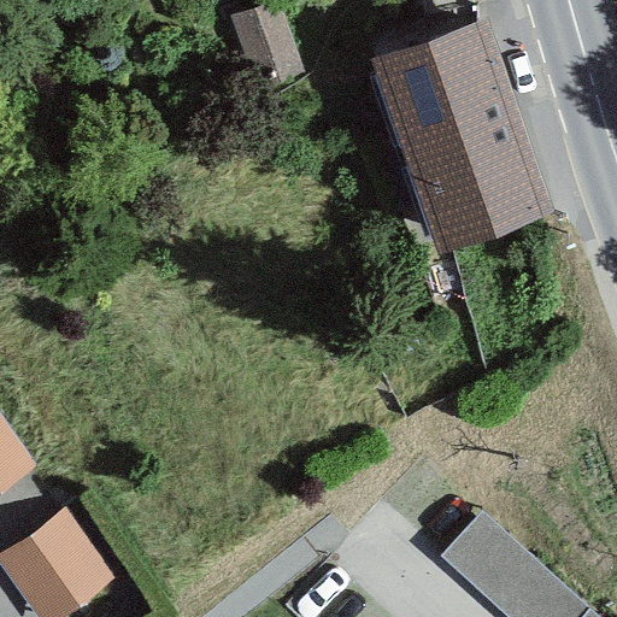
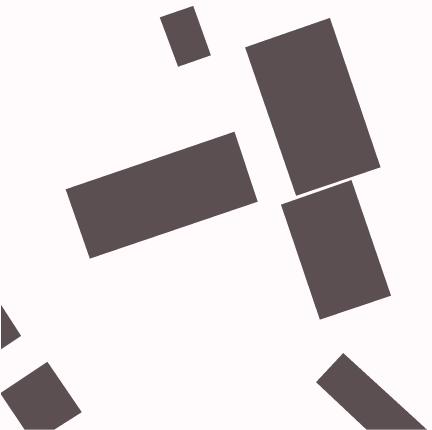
building: none -> [65,131,259,260]
building: none -> [280,179,392,320]

